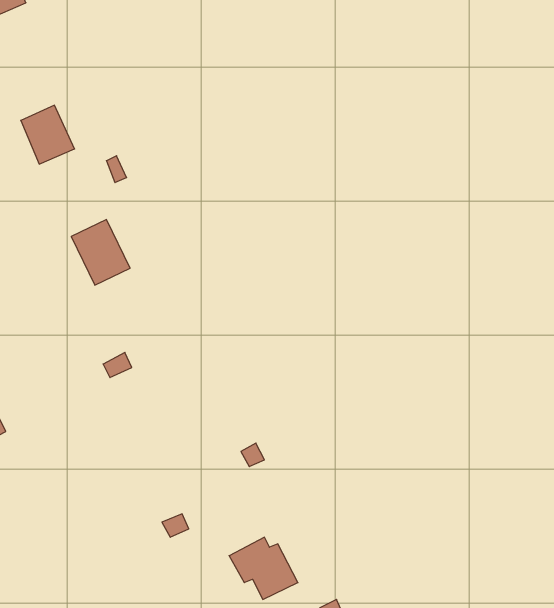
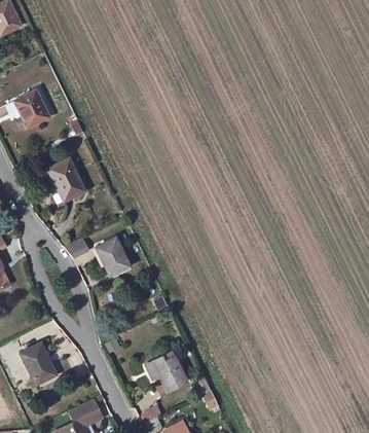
building: none -> [96,239,128,277]
building: none -> [21,341,54,381]

